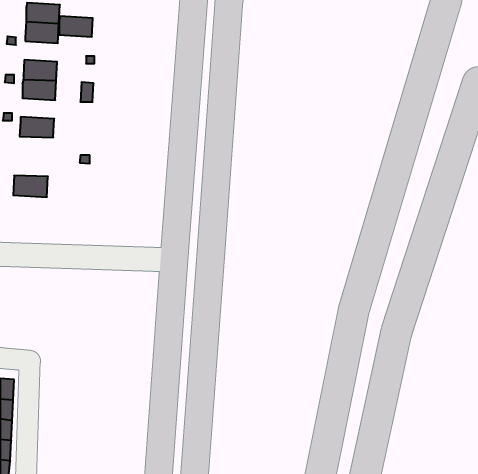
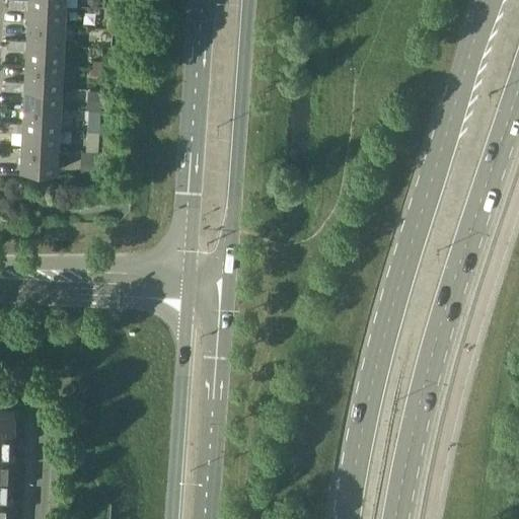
building: [59,16,93,37] -> [26,49,63,71]
building: none -> [22,110,60,133]
building: [13,176,48,197] -> [20,152,58,175]

